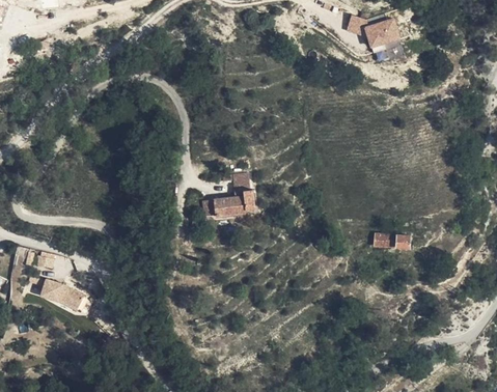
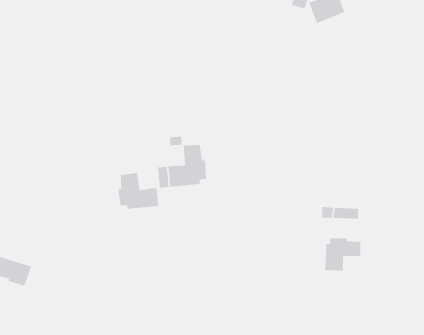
building: none -> [117,172,159,210]
building: none -> [324,238,361,271]

